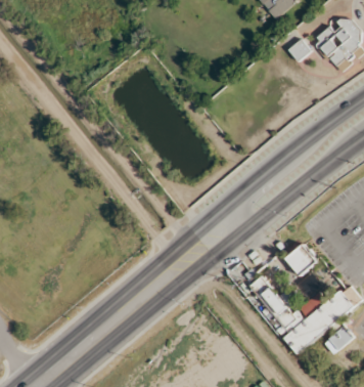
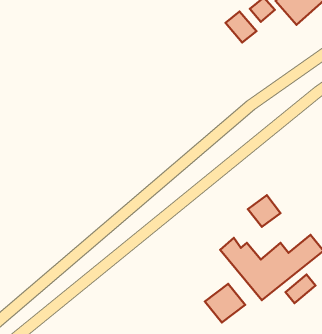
building: none -> [225,12,256,42]
building: none -> [205,284,245,323]

